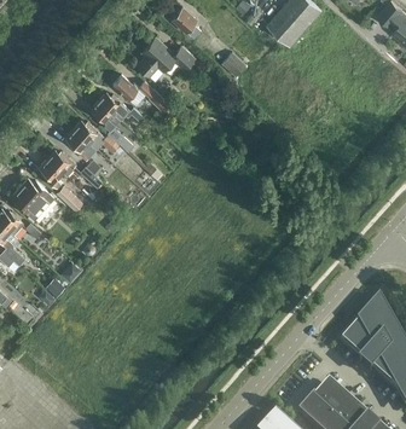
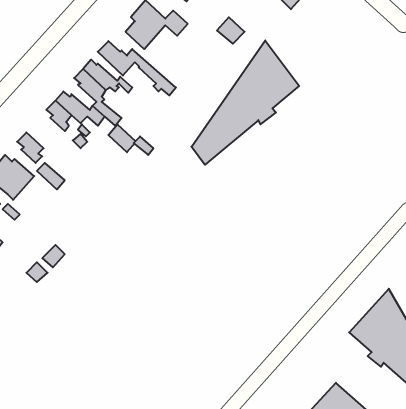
building: none -> [191,40,299,165]
building: [47,151,103,189] -> none

